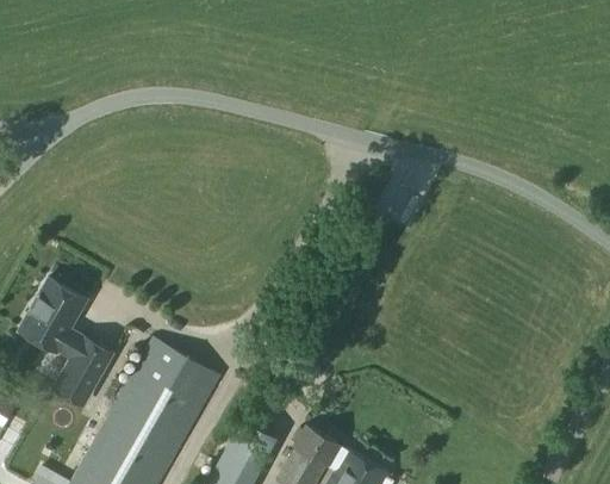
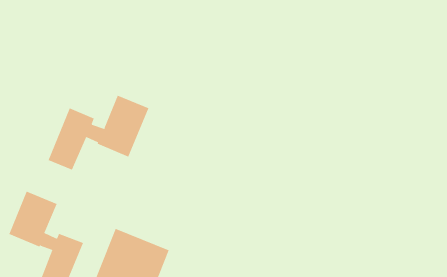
building: none -> [48,95,149,171]

